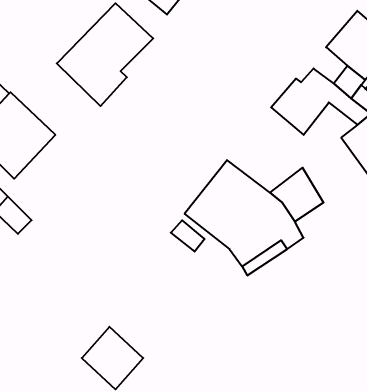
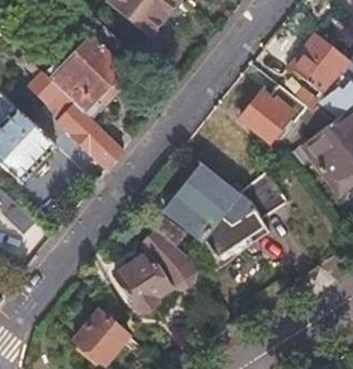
building: none -> [30,71,123,168]
building: none -> [118,233,196,314]

